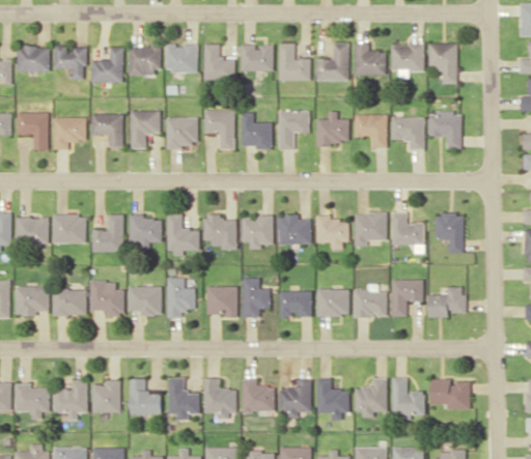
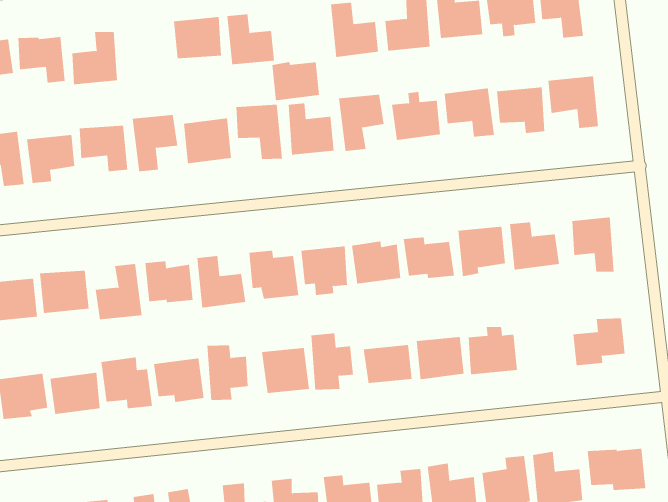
building: [242,45,274,71] -> [272,62,320,101]
building: [129,46,160,76] -> none
building: [391,279,423,317] -> none

